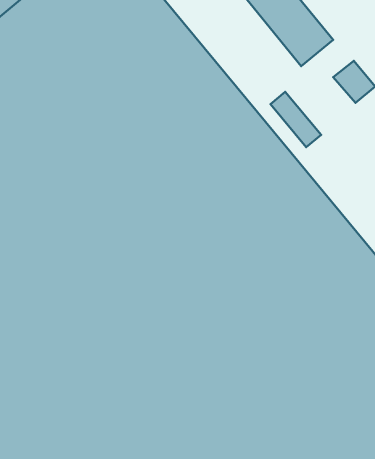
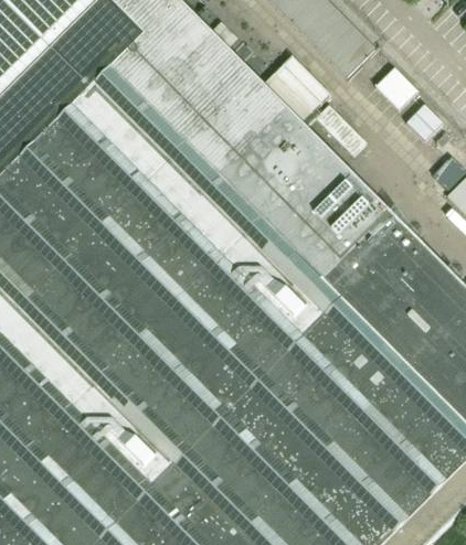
building: none -> [264,58,331,126]

